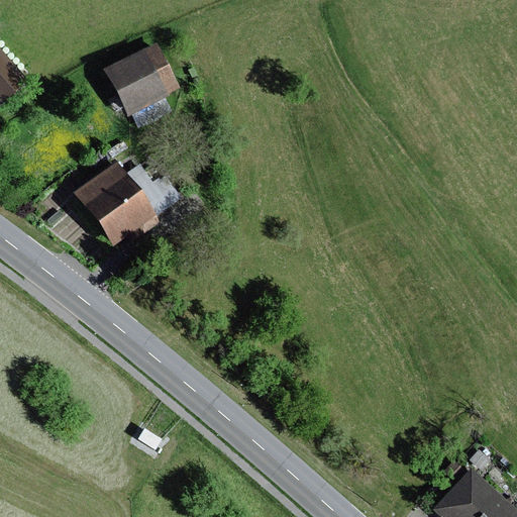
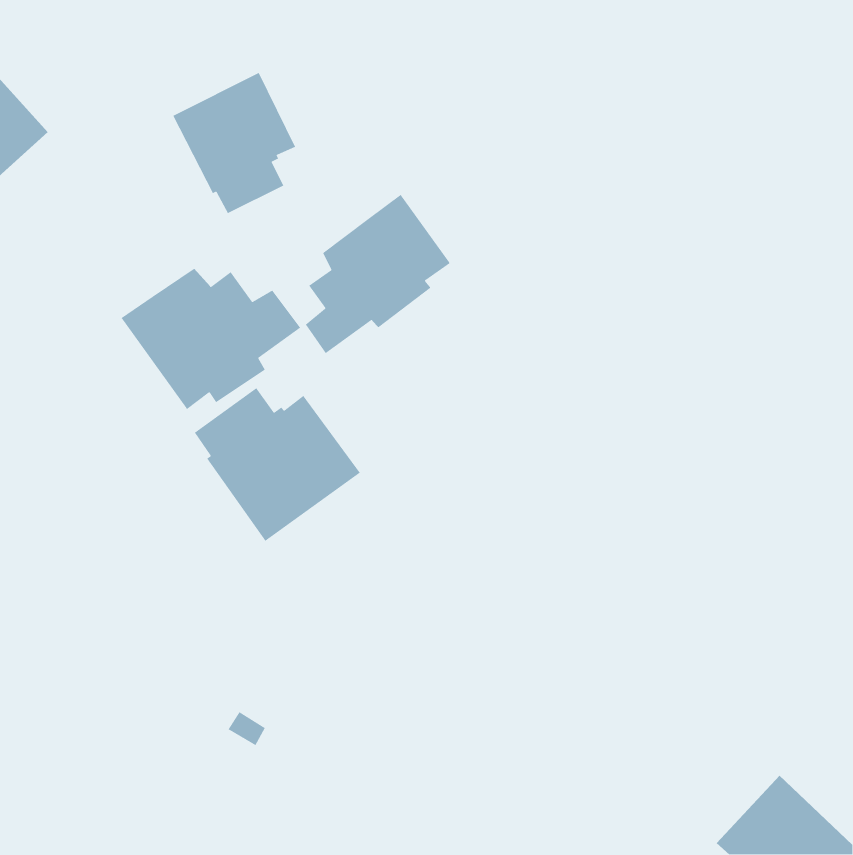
building: none -> [305,194,451,354]
building: none -> [194,387,361,542]

